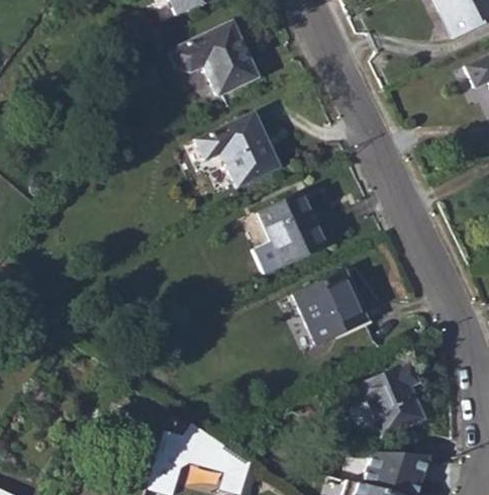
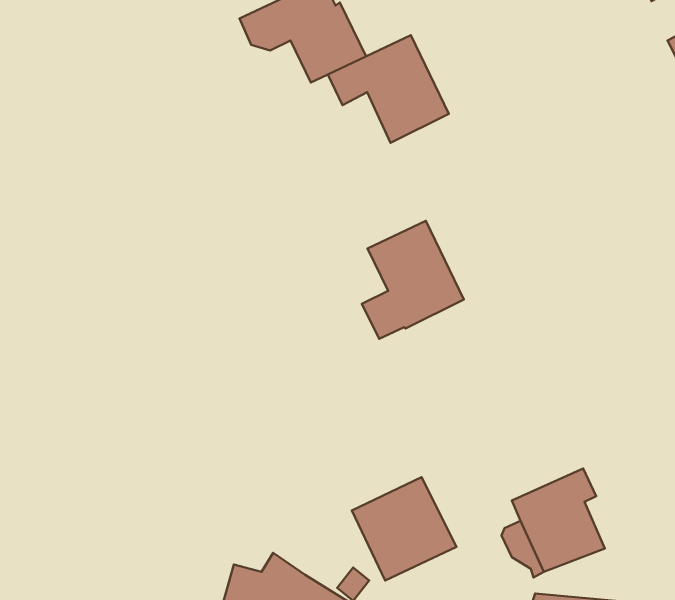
building: [195,113,279,188] -> [328,35,449,143]
building: [294,272,367,343] -> [352,477,457,580]

